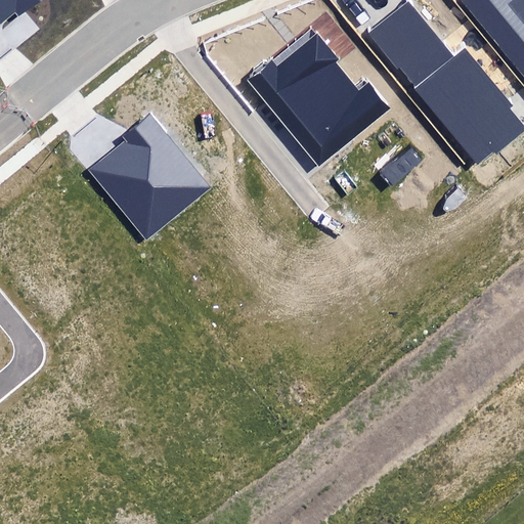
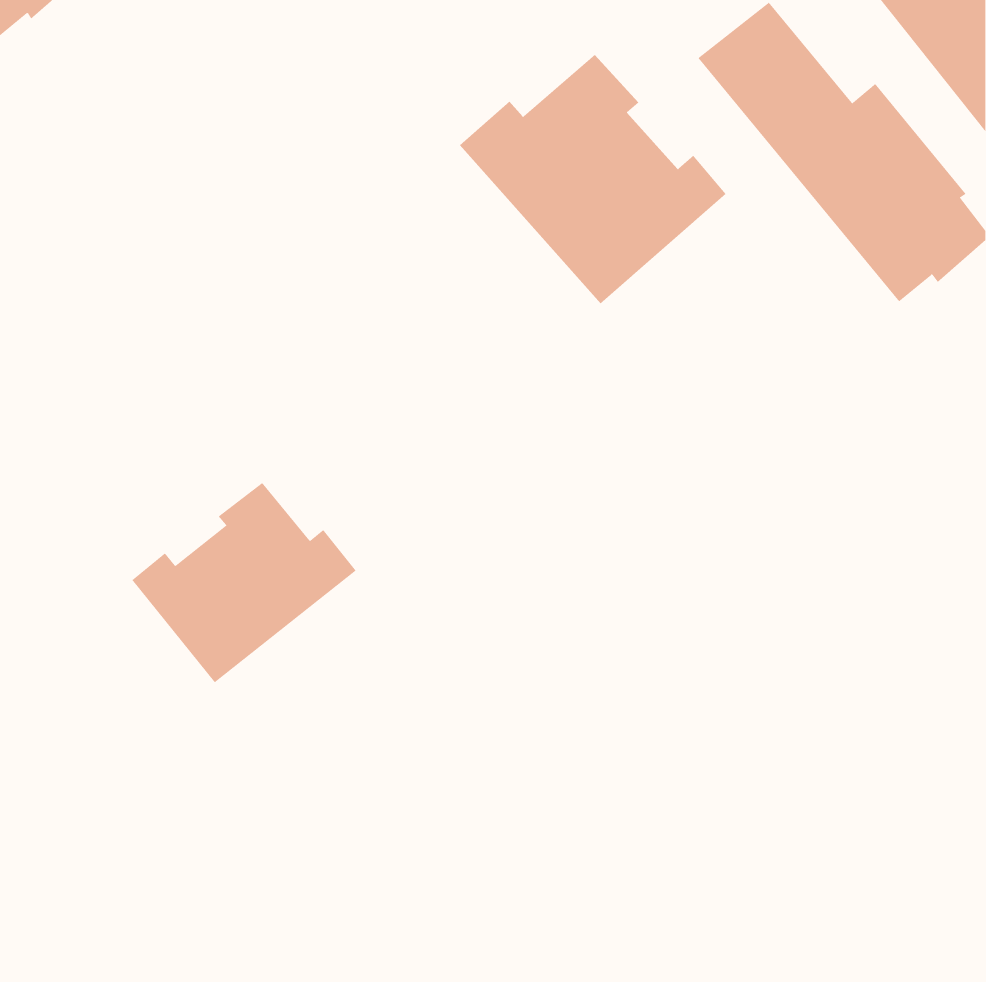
building: [86,108,208,236] -> none
building: none -> [132,482,357,683]

